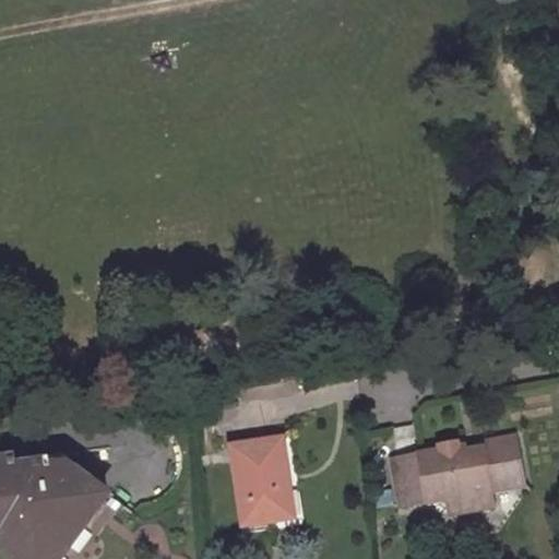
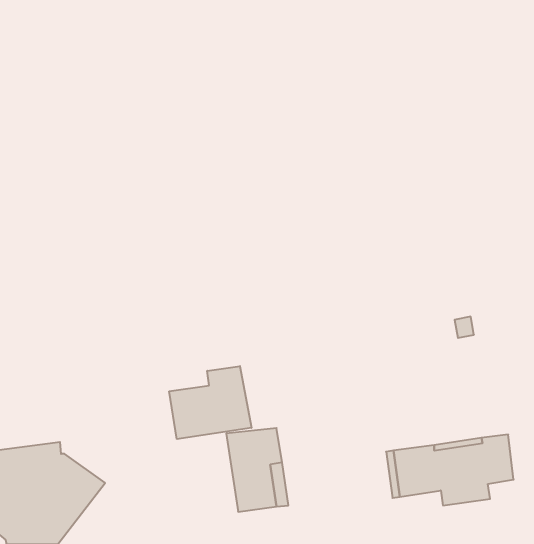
building: none -> [169,366,251,439]

